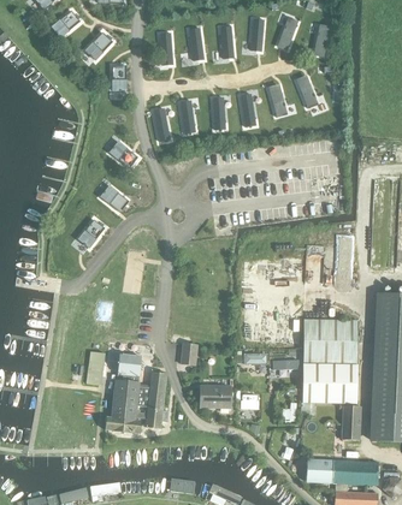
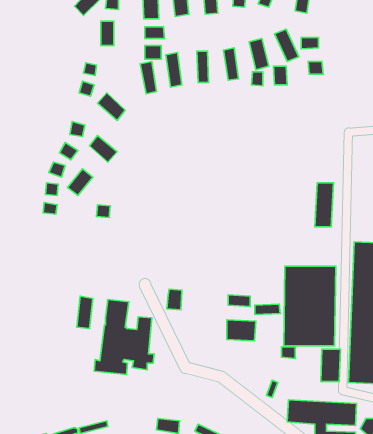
building: [200,386,230,408] -> [227,320,256,341]

